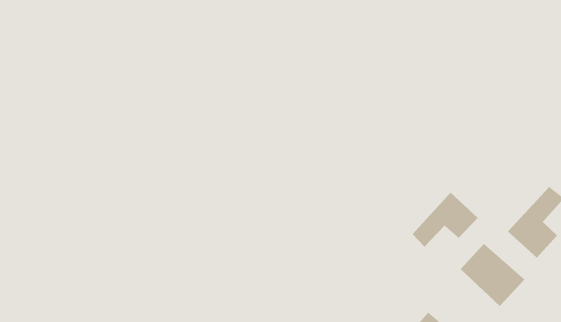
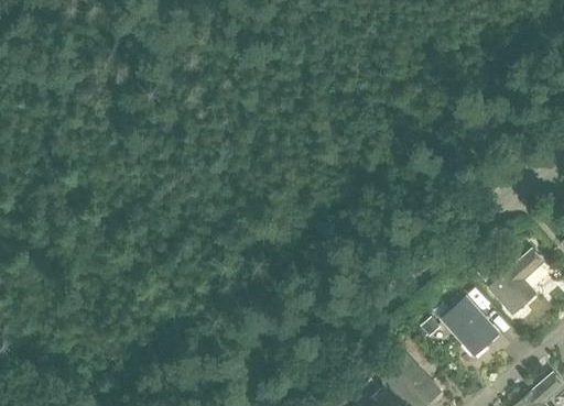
building: [412,192,478,248] -> none

